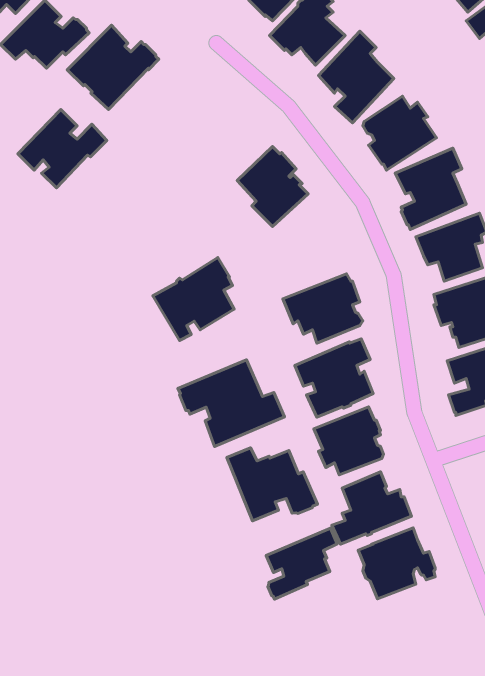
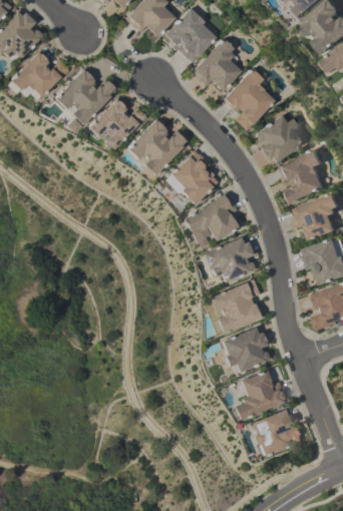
building: none -> [124,117,186,173]
building: [18,109,107,188] -> [85,96,145,149]
building: [153,258,234,340] -> [181,191,236,247]
building: [178,360,284,447] -> none
building: [227,448,318,521] -> none
building: [266,528,337,599] -> none

